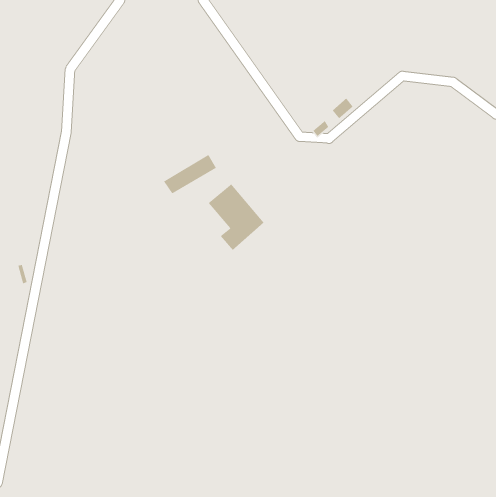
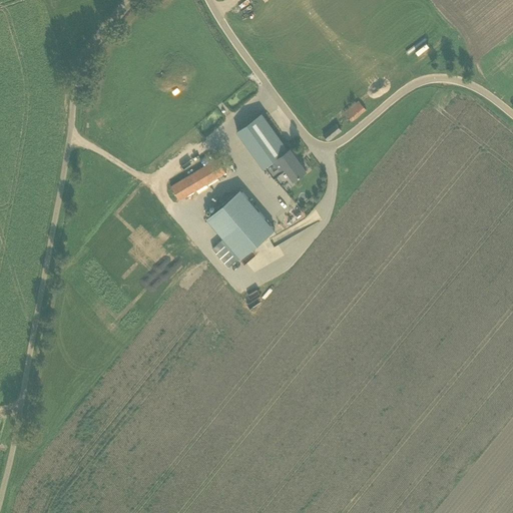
building: none -> [245,115,303,180]

